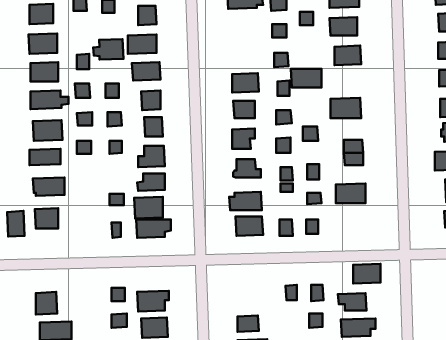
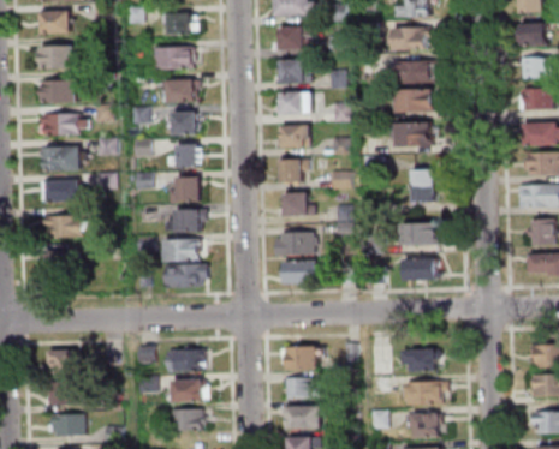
building: none -> [278,25,309,50]
building: [93,39,124,60] -> none
building: none -> [278,60,309,82]
building: [291,69,322,87] -> [394,89,430,110]
building: [7,211,25,236] -> none
building: [353,264,381,283] -> [402,257,434,280]
building: none -> [286,346,322,369]

